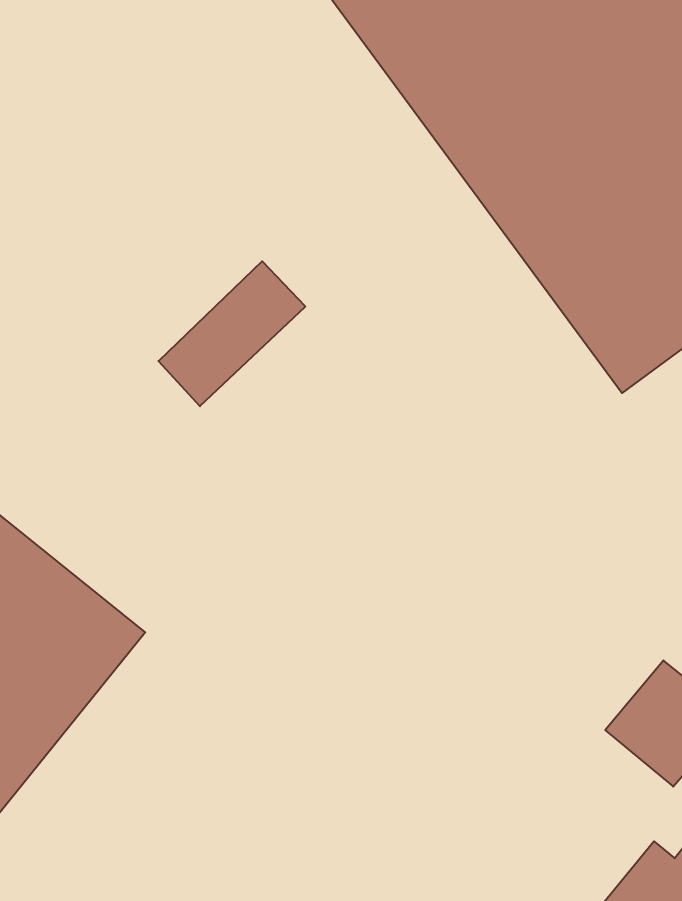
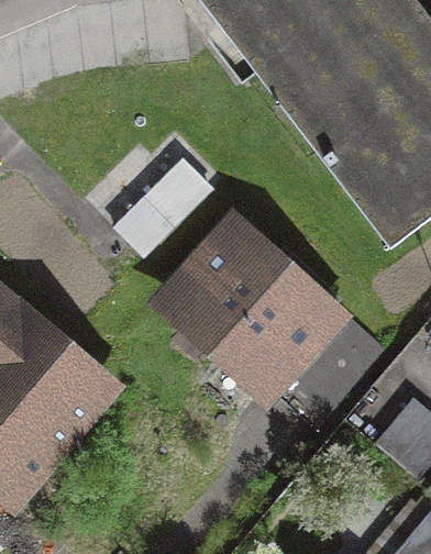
building: none -> [159,228,333,400]

